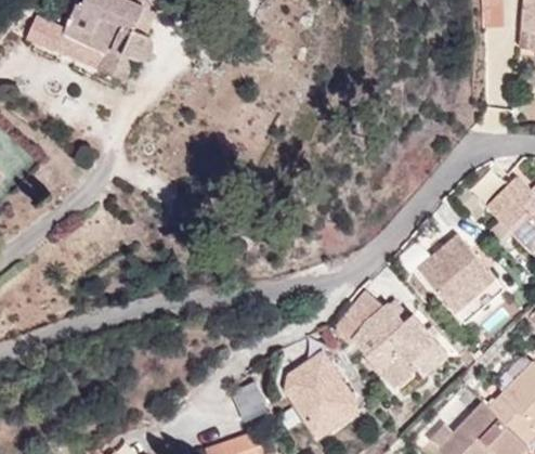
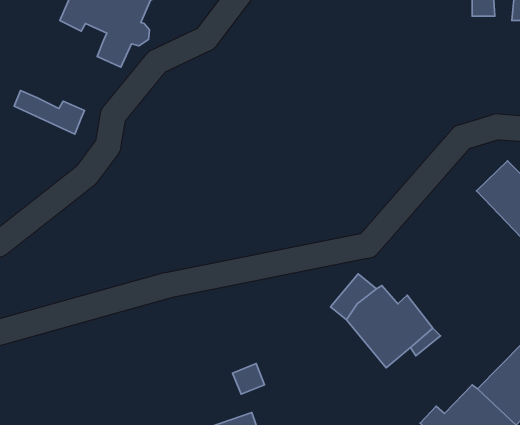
building: [38,25,109,69] -> [14,90,84,134]
building: [417,232,505,323] -> none
building: [287,354,361,439] -> none

